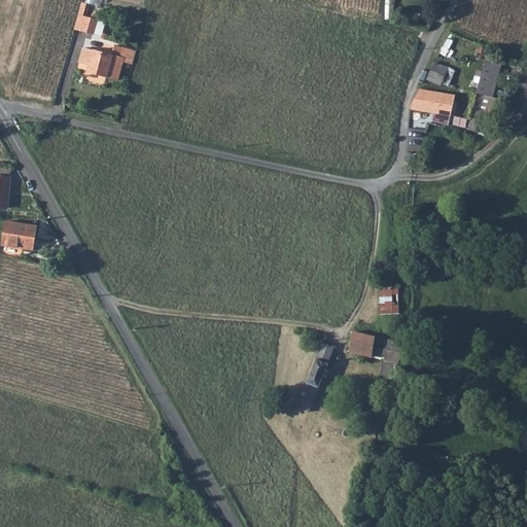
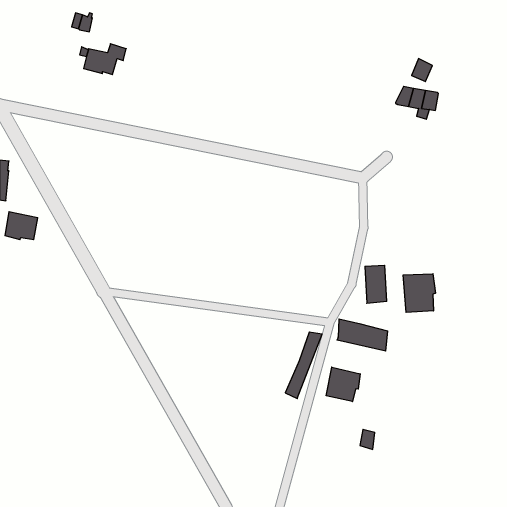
building: [475,56,501,98] -> none
building: none -> [403,274,435,312]
building: none -> [326,367,360,402]

